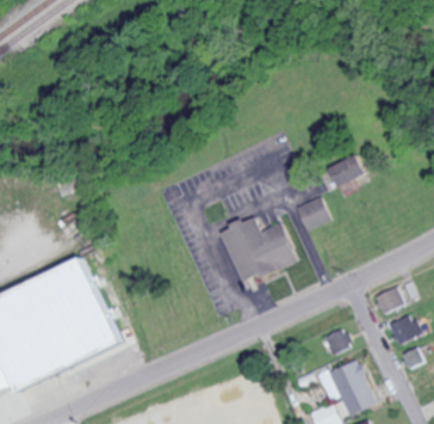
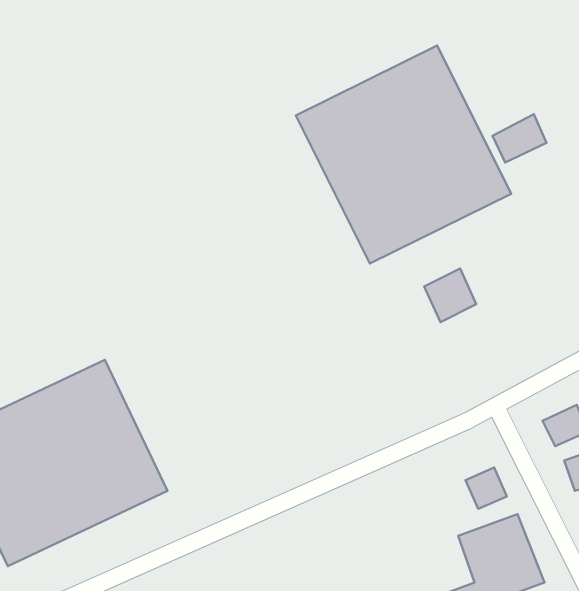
building: none -> [296,46,511,264]
building: [329,153,365,185] -> [493,114,546,163]
building: [221,216,294,283] -> none

